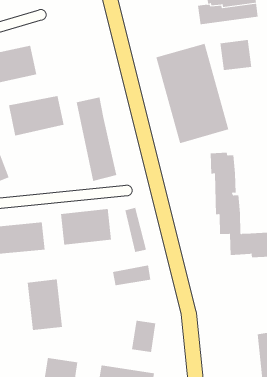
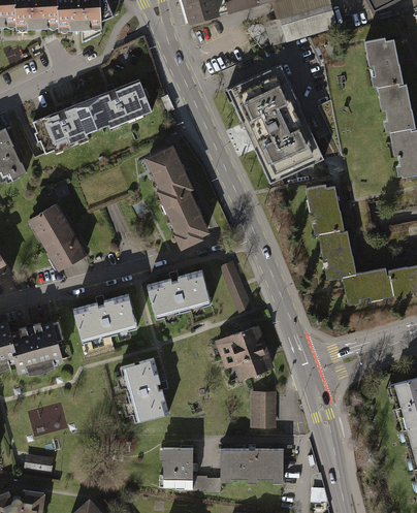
building: [220,39,252,71] -> none
building: [8,96,64,136] -> [86,77,153,131]
building: none -> [222,343,271,378]

